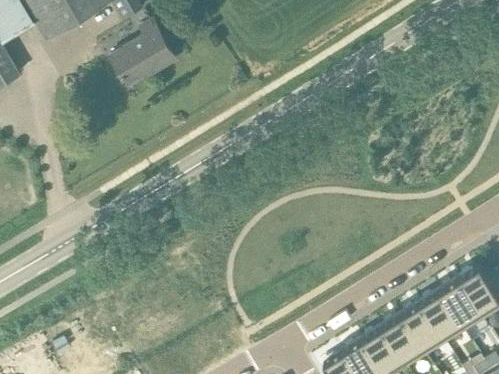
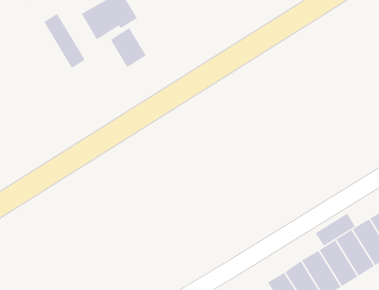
building: none -> [44,13,85,69]
building: none -> [110,27,146,68]
building: none -> [315,213,356,247]

